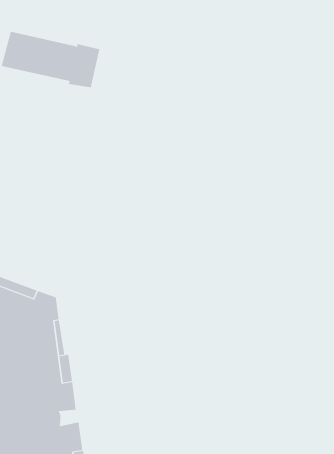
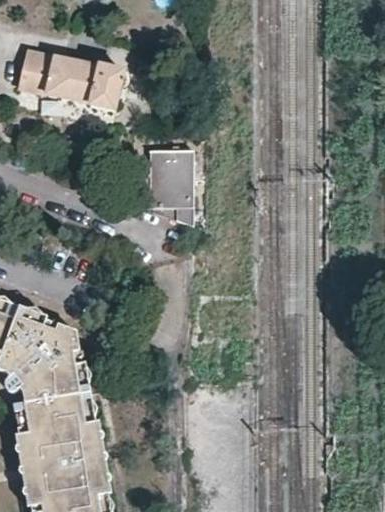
building: none -> [150,149,191,227]

